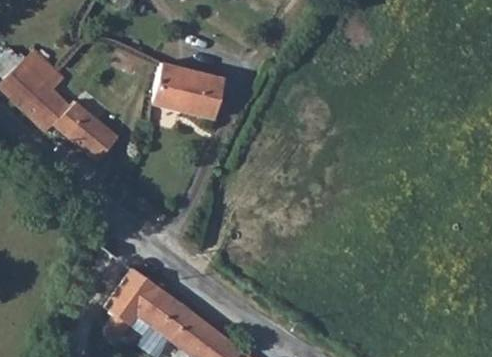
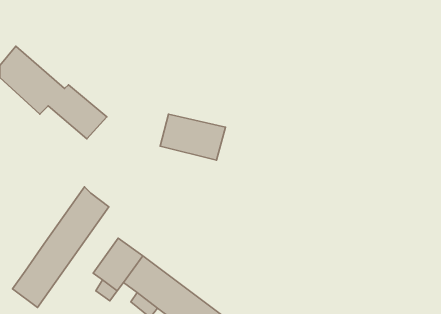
building: [153,65,224,115] -> [160,114,226,160]
building: none -> [12,187,109,307]

